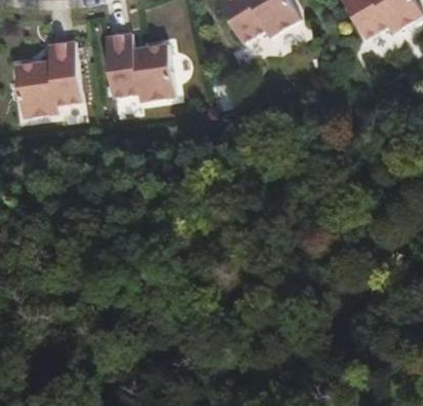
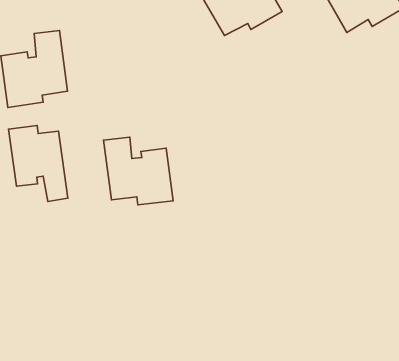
building: [105,31,176,100] -> [103,137,173,205]
building: none -> [9,126,68,201]

